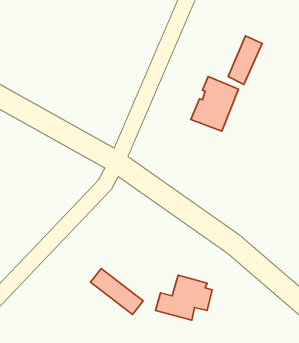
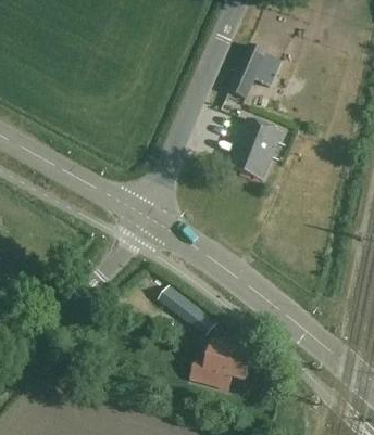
building: [228,36,262,84] -> [228,44,266,99]
building: [91,269,143,314] -> [159,284,217,335]

